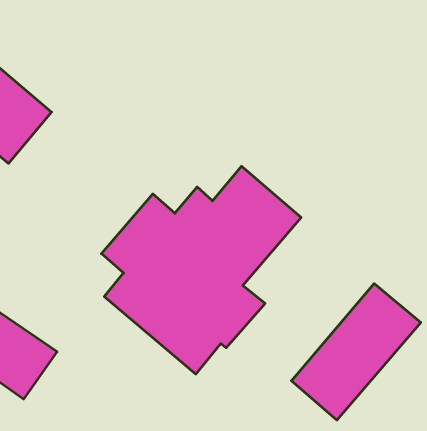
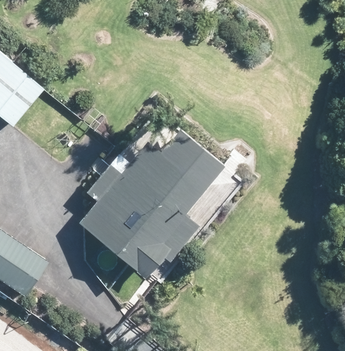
building: [291,284,421,420] -> none

